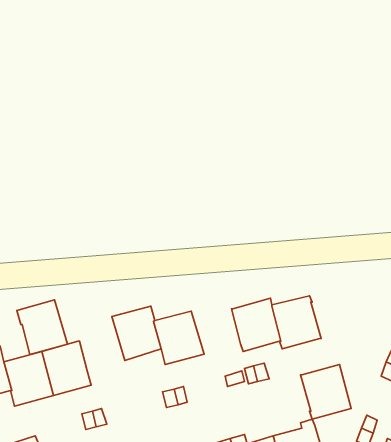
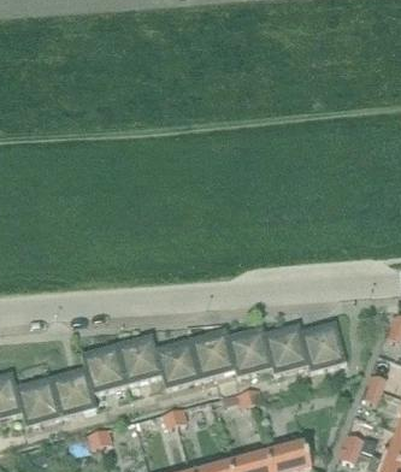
building: [17,300,68,355] -> [81,342,128,393]
building: none -> [189,328,235,377]
building: [300,365,351,419] -> [300,319,347,370]

